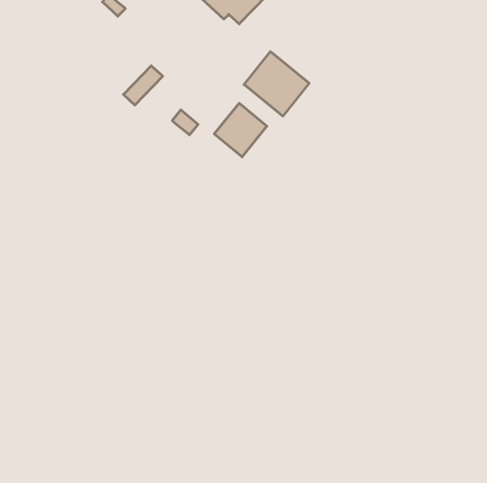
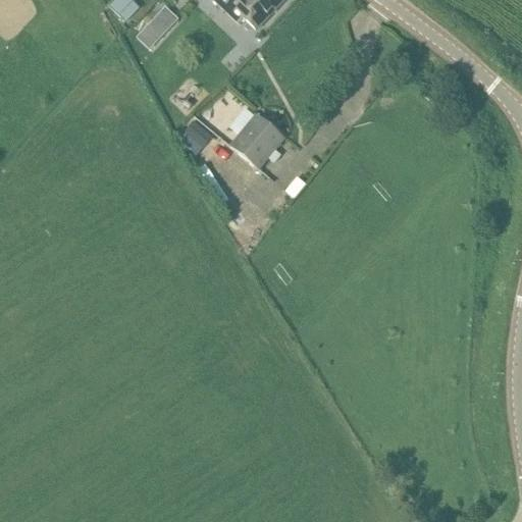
building: [244,52,309,116] -> none
building: [123,66,163,105] -> [137,4,178,46]

